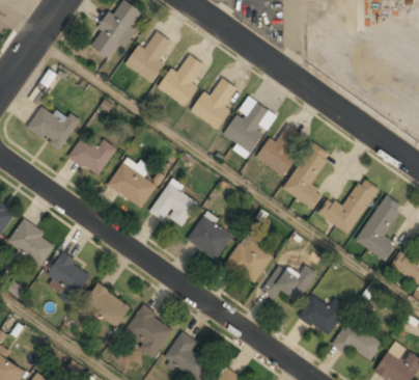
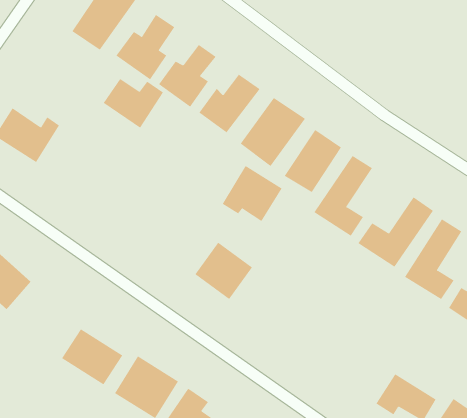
building: [67,137,116,178] -> [103,78,164,129]
building: [107,162,158,209] -> none
building: [149,182,198,227] -> [222,165,283,222]
building: [225,235,274,283] -> none
building: [43,253,91,303] -> none
building: [261,264,316,302] -> none
building: [298,296,347,336] -> none

